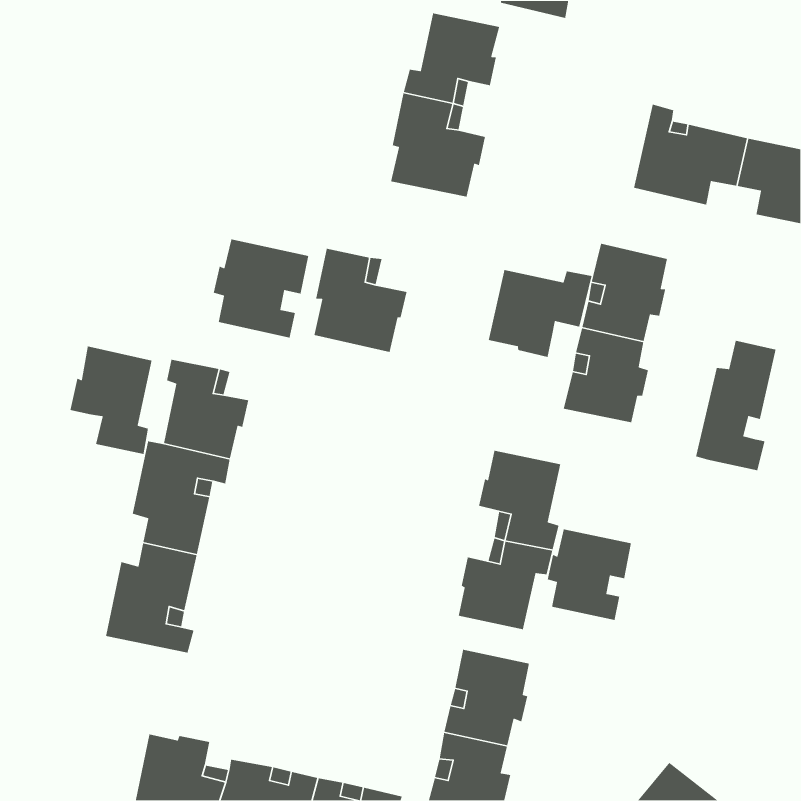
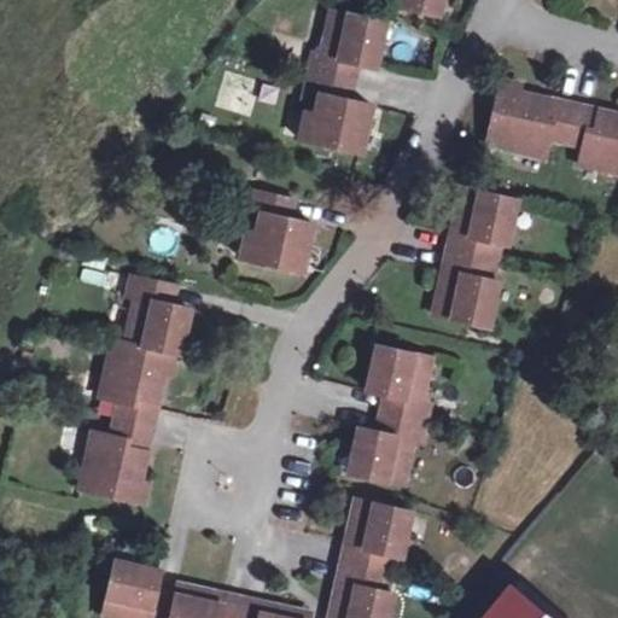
building: [213,239,309,339] -> none
building: [488,269,593,358] -> none
building: [695,340,777,471] -> none
building: [70,346,153,455] -> none
building: [547,529,632,621] -> none

